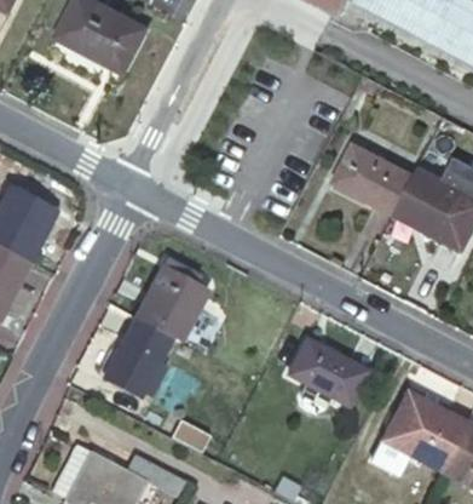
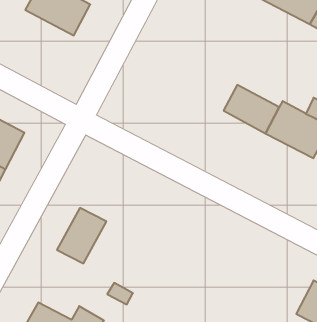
building: [133,257,206,340] -> none
building: [287,337,363,408] -> none
building: [370,389,463,470] -> none

